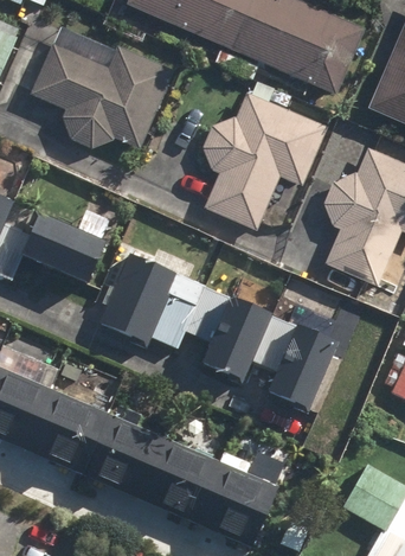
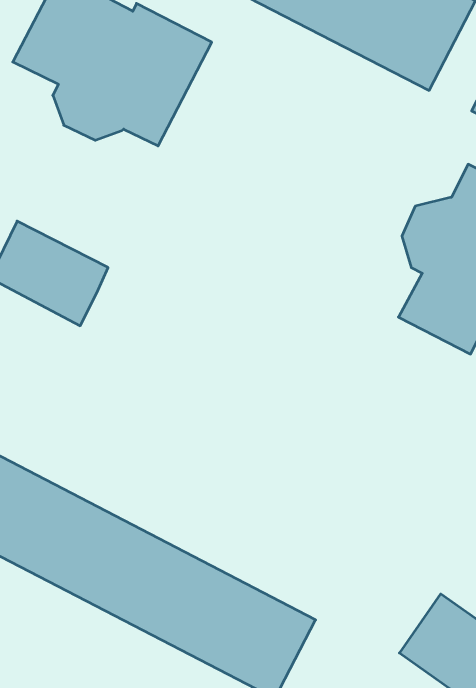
building: [202,92,327,230] -> none
building: [98,253,202,347] -> none
building: [204,295,276,384] -> none
building: [270,322,342,413] -> none

